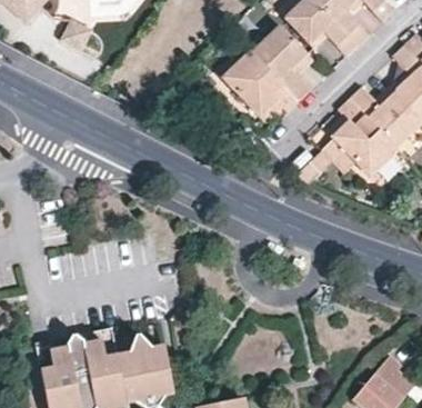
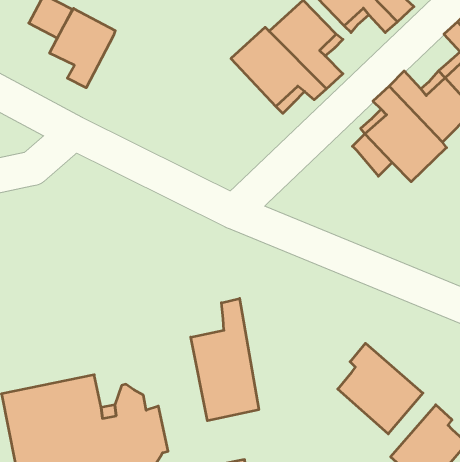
building: none -> [50,8,115,88]
building: none -> [191,298,259,421]
building: none -> [338,343,423,434]

